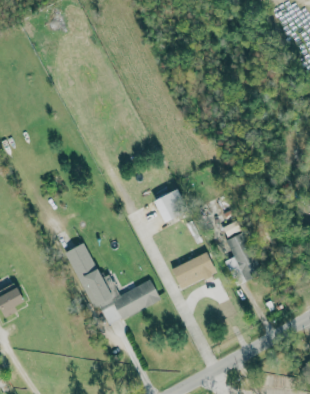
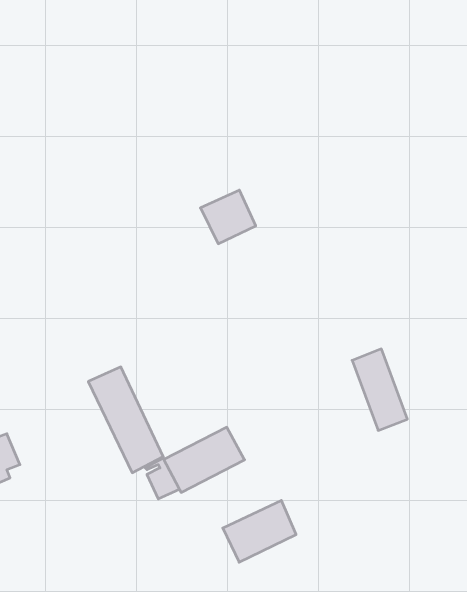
building: [154,189,188,222] -> [200,190,256,244]
building: [171,252,216,290] -> [223,500,296,562]

